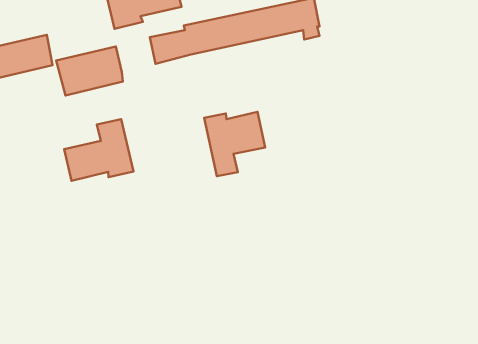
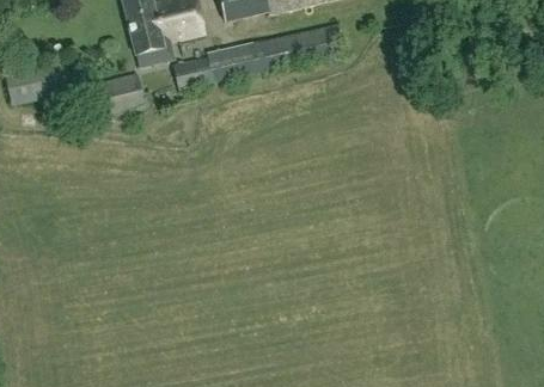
building: [204,112,265,176] -> none
building: [64,119,134,181] -> none

